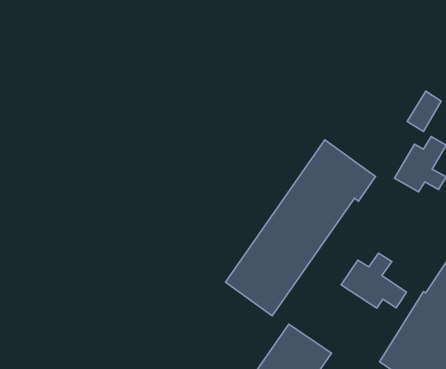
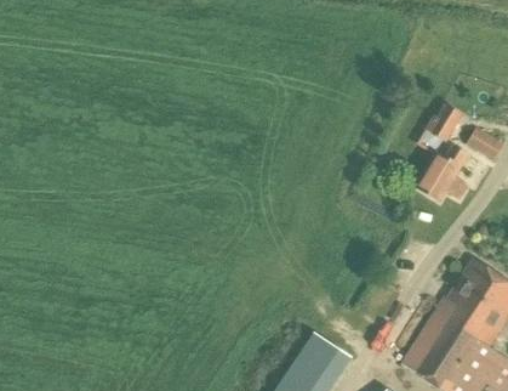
building: [226,140,375,316] -> none
building: [341,253,407,308] -> none

